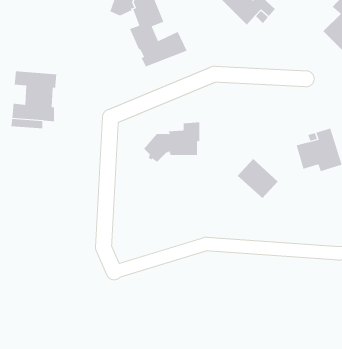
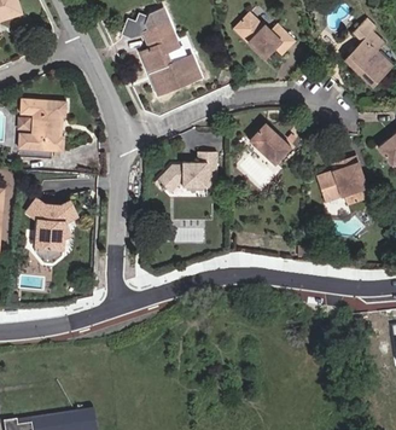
building: [237,158,279,199] -> [244,117,287,159]
building: none -> [28,199,78,263]

